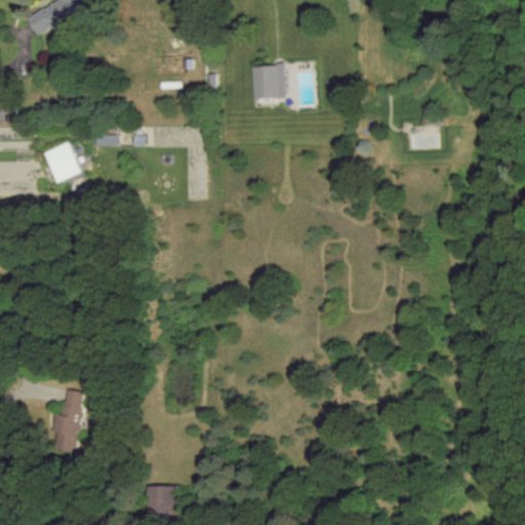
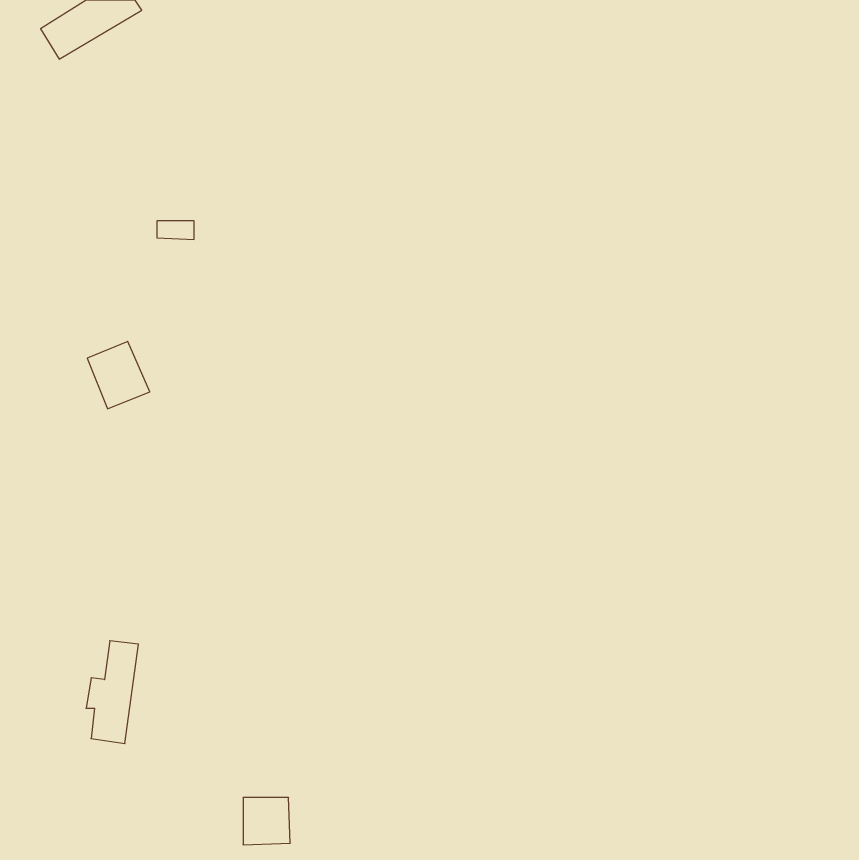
building: [250,65,284,98] -> none
building: [43,143,81,184] -> [87,341,150,409]

